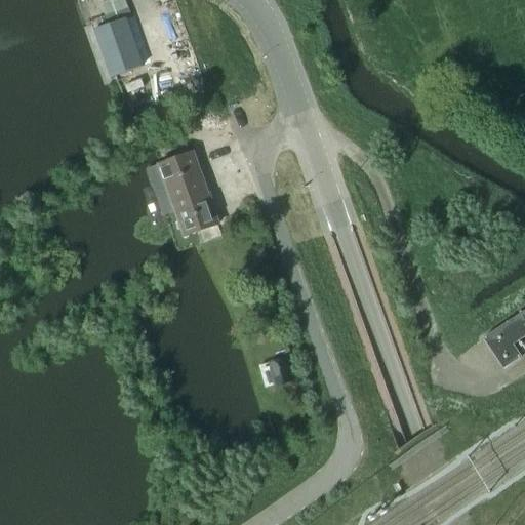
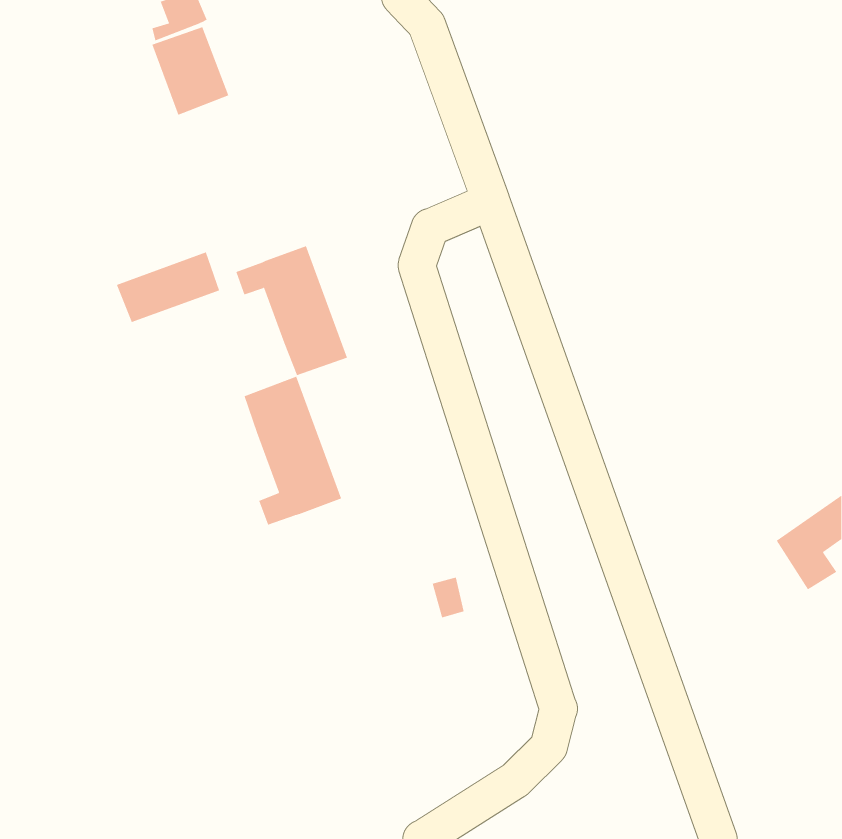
building: none -> [116,251,220,323]
building: none -> [244,376,342,526]

